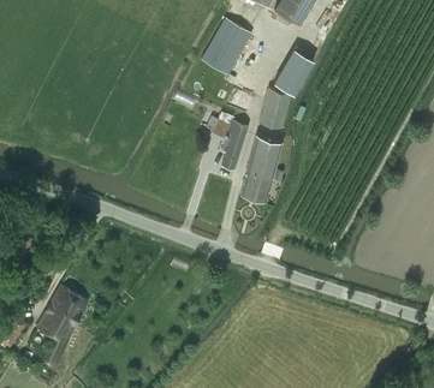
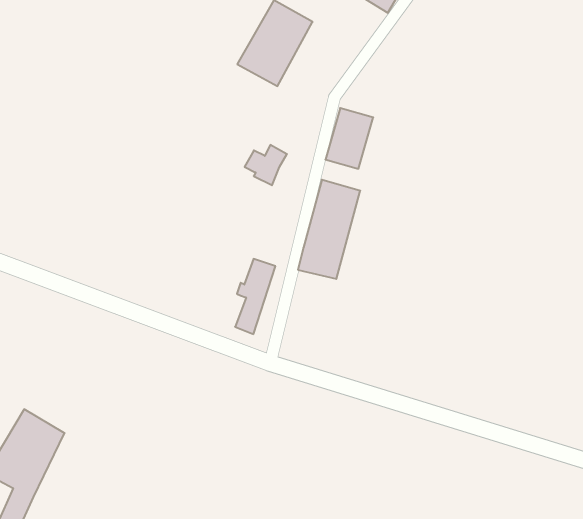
building: [274,49,314,95] -> none
building: [221,121,248,171] -> [235,259,275,334]

